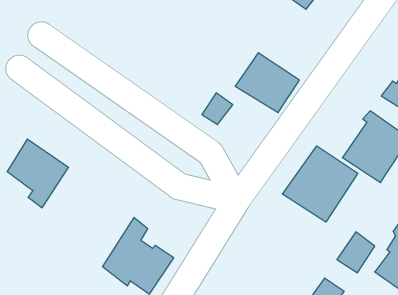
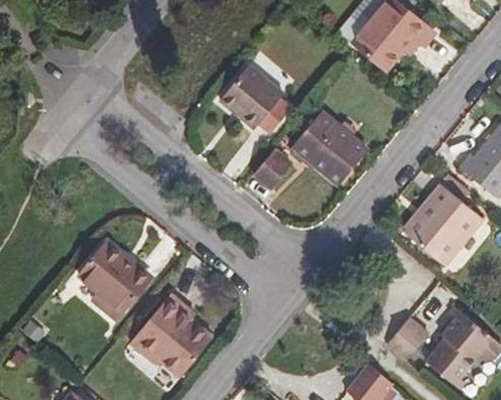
building: none -> [225,71,293,137]
building: [7,139,69,208] -> [78,231,146,308]
building: [282,146,358,222] -> none

